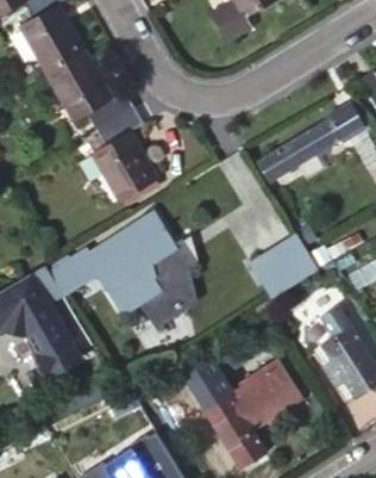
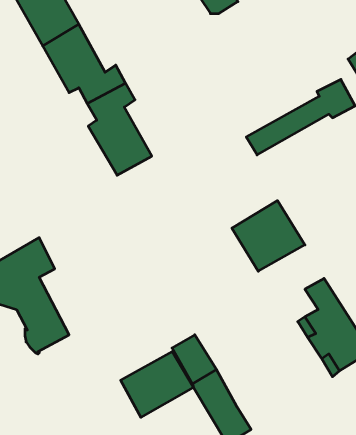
building: [50,213,203,316] -> none
building: [226,365,299,430] -> [121,352,194,417]

